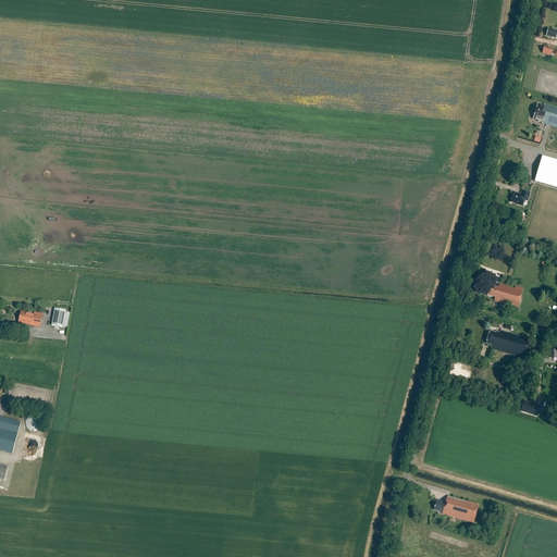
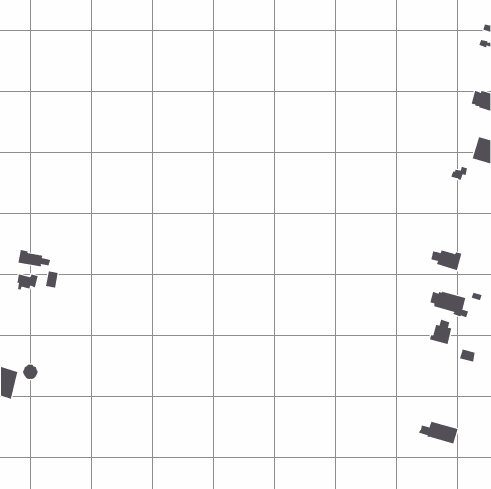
building: none -> [18,249,51,267]
building: none -> [429,319,452,345]
building: [433,495,479,521] -> [418,421,459,444]

